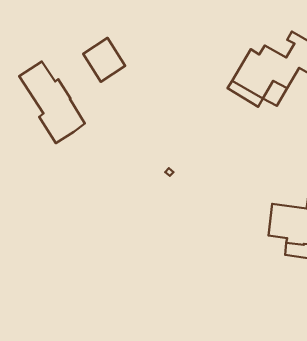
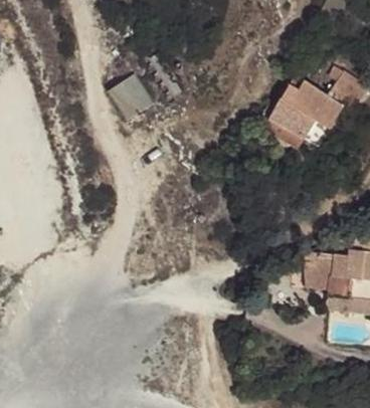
building: [19,62,85,143] -> none

